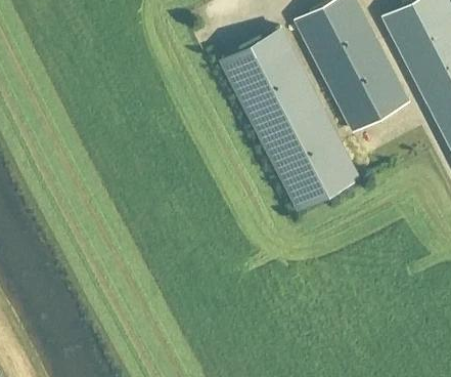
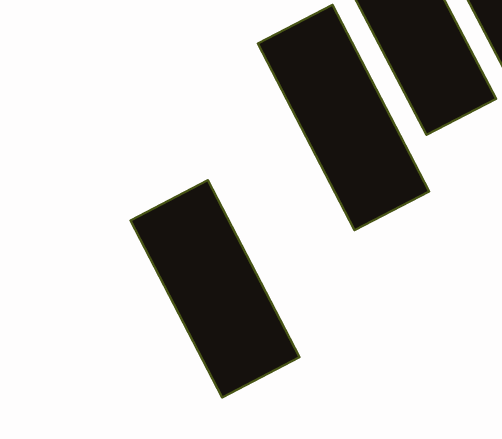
building: none -> [131,180,299,398]

